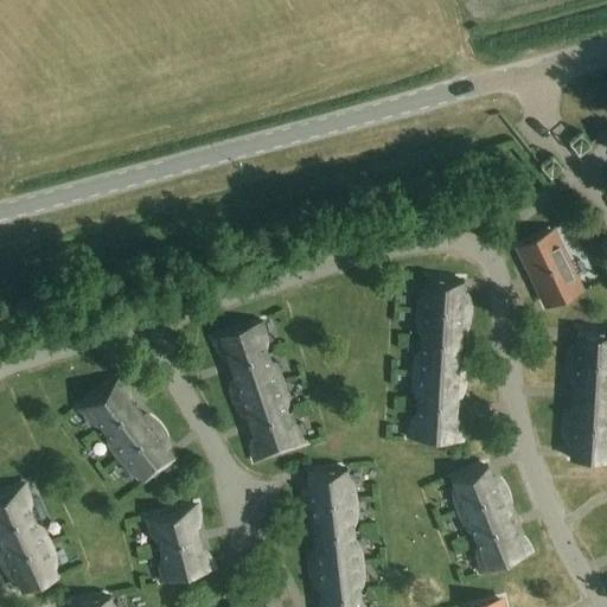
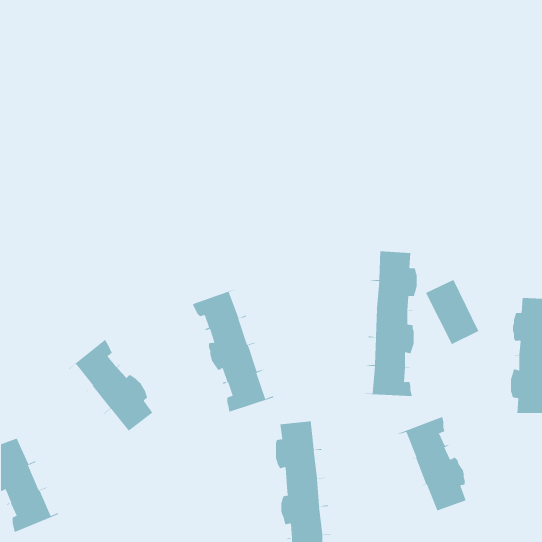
building: [519,234,580,307] -> [425,279,479,345]
building: [145,507,212,583] -> none

